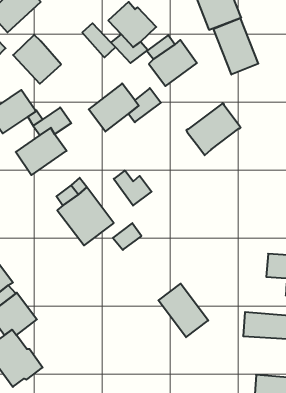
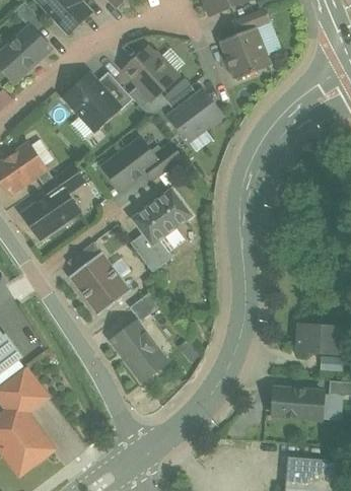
building: [213,18,258,75] -> none
building: [13,35,61,84] -> [65,75,118,129]
building: [186,103,241,155] -> [131,189,191,246]
building: [158,284,208,337] -> [111,322,165,380]

